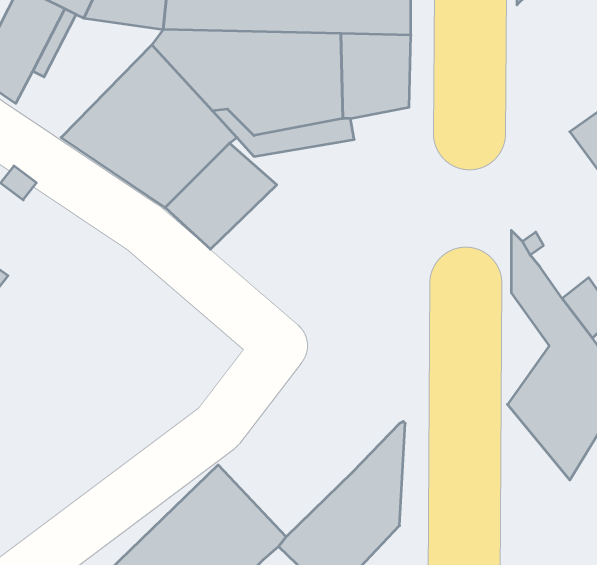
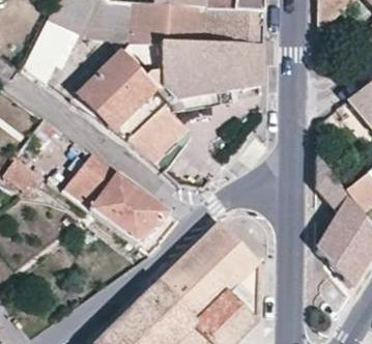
building: none -> [62,153,173,245]
building: none -> [159,219,260,320]

